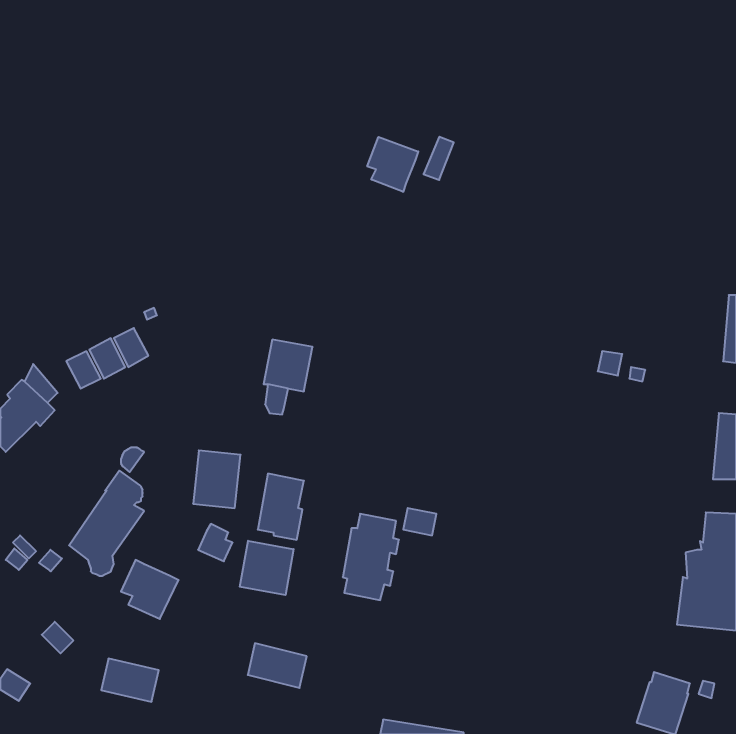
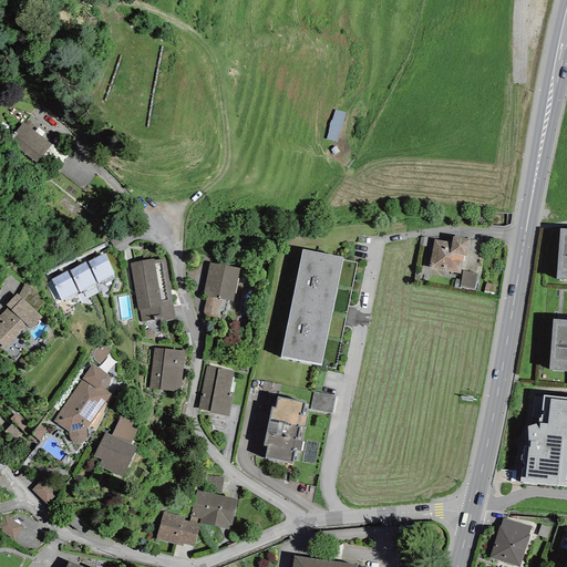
building: [367,137,418,192] -> none
building: none -> [11,120,52,161]
building: none -> [429,236,468,272]
building: none -> [281,248,343,363]
building: none -> [130,257,175,321]
building: [198,524,233,561] -> [111,414,137,443]
building: [240,541,294,595] -> none
building: [101,659,159,702] -> [156,517,200,550]

